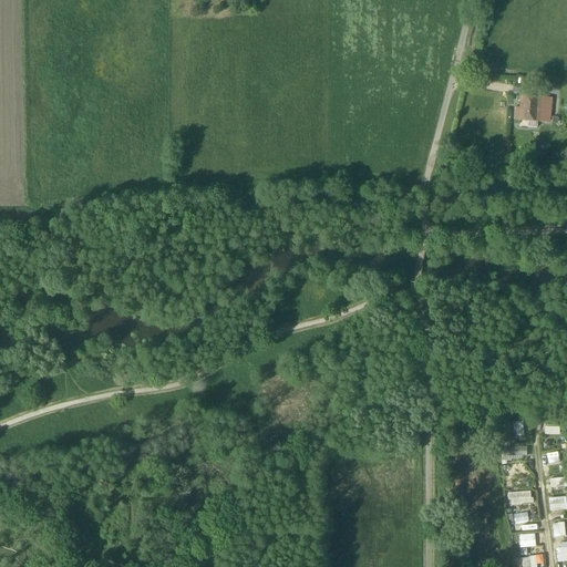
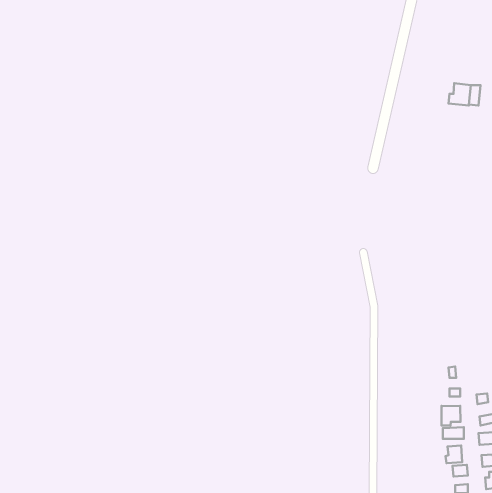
building: none -> [442,406,460,426]

